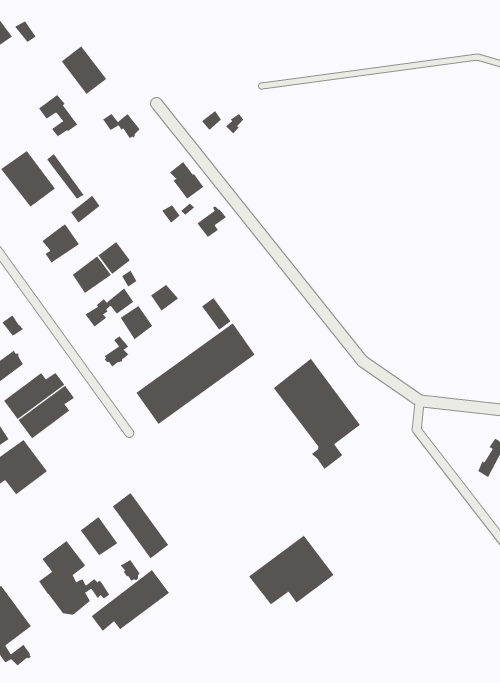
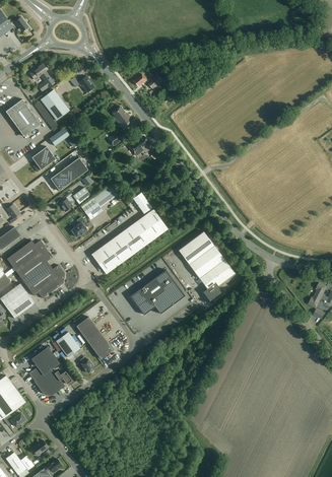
building: [61,45,107,95] -> [41,89,70,121]
building: none -> [25,265,65,298]
building: [248,535,334,605] -> [130,270,185,315]
building: [91,569,170,632] -> none

